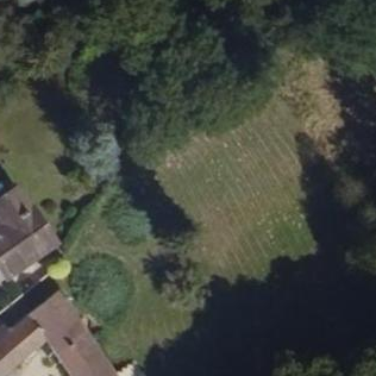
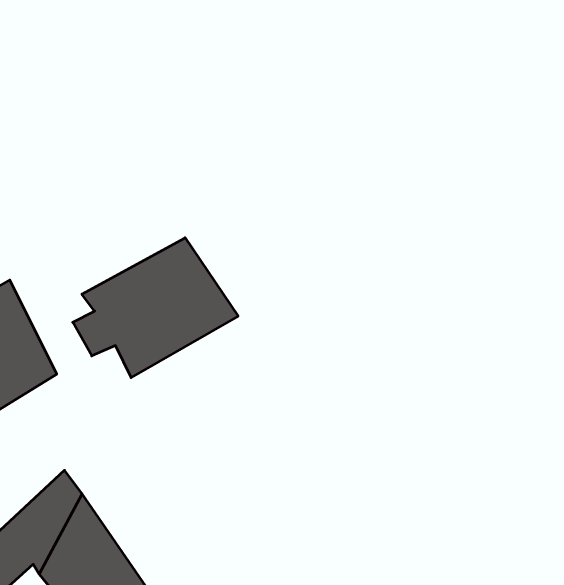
building: none -> [73,238,238,378]

